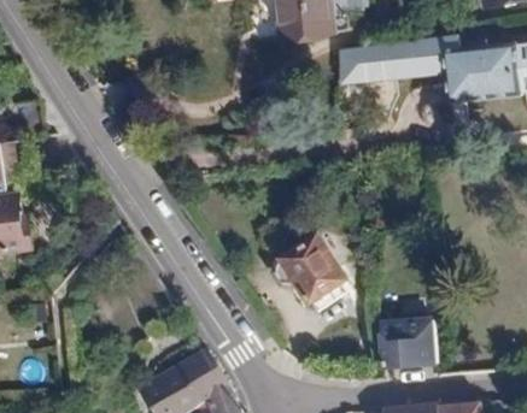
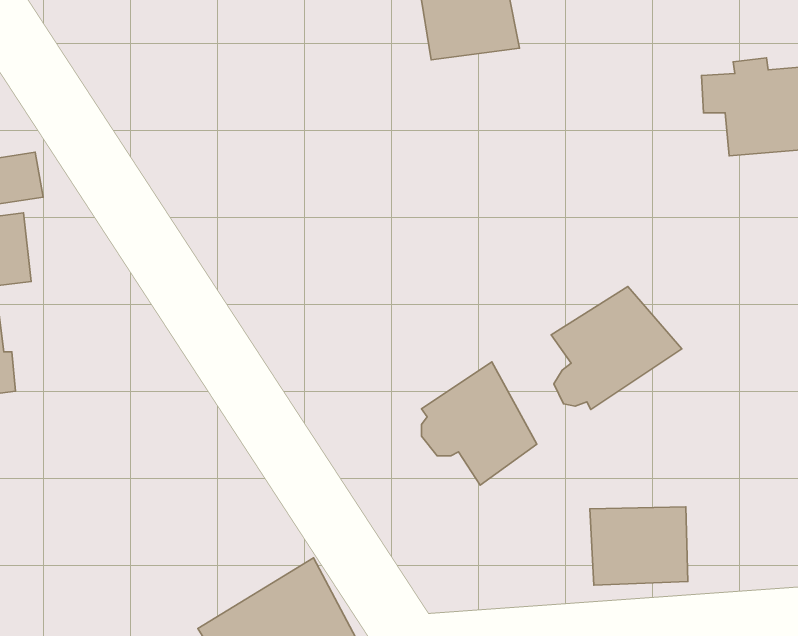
building: [338,40,441,85] -> none
building: none -> [551,287,682,410]

